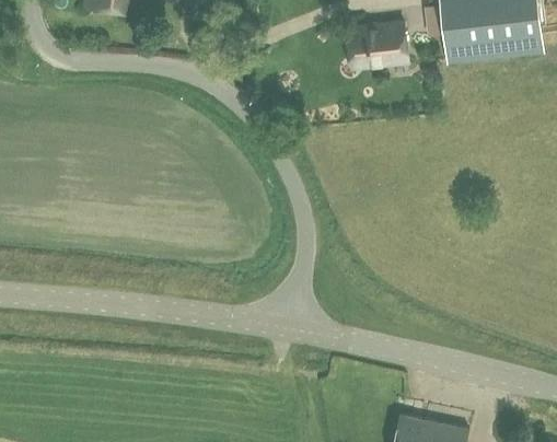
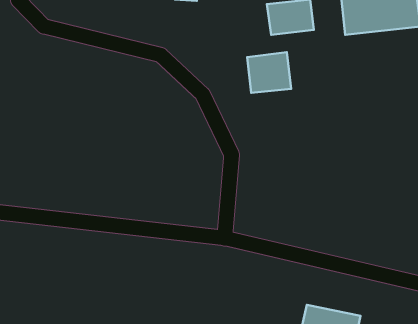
building: none -> [247,52,291,93]

